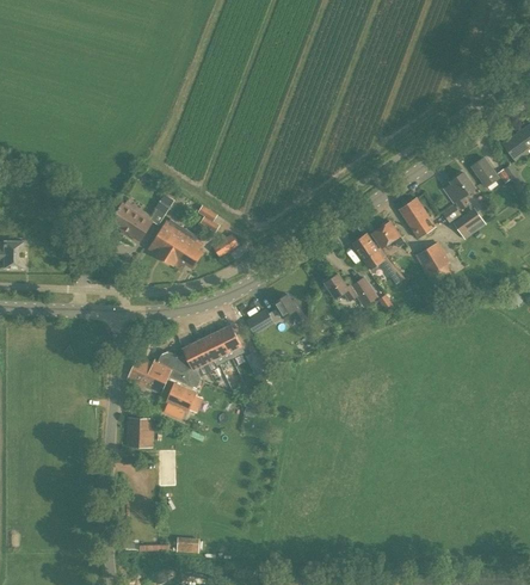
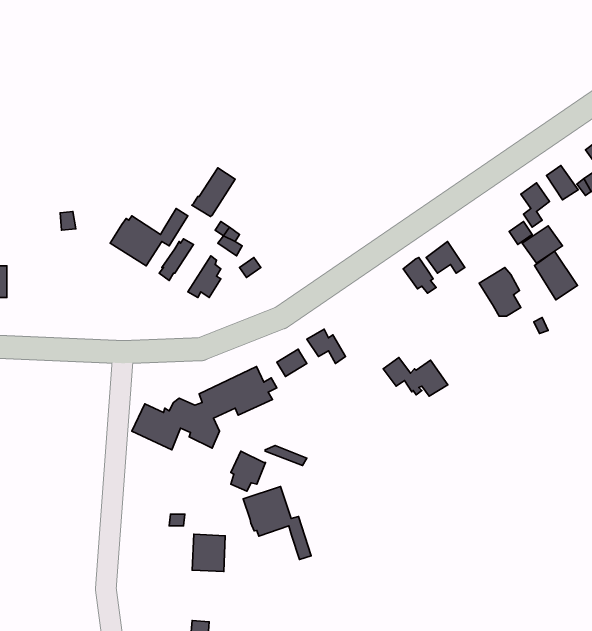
building: [399,197,435,238] -> [534,251,577,300]
building: [156,223,192,264] -> [192,168,235,216]
building: [323,273,377,306] -> [383,357,448,396]
building: [166,383,195,417] -> [231,451,265,491]
building: [125,417,153,448] -> [192,534,225,572]
building: none -> [243,486,311,560]

